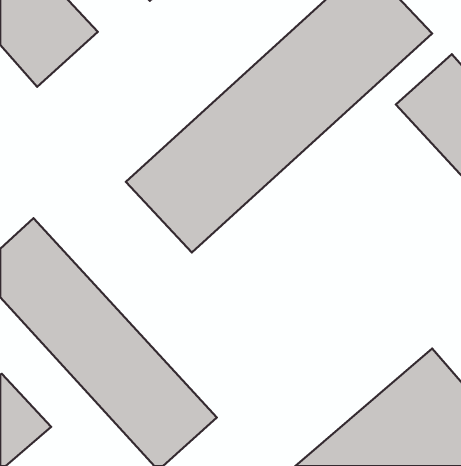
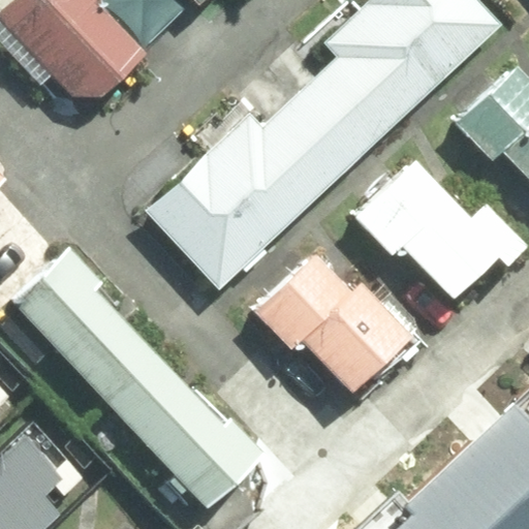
building: none -> [355,152,509,309]
building: none -> [253,246,408,403]

